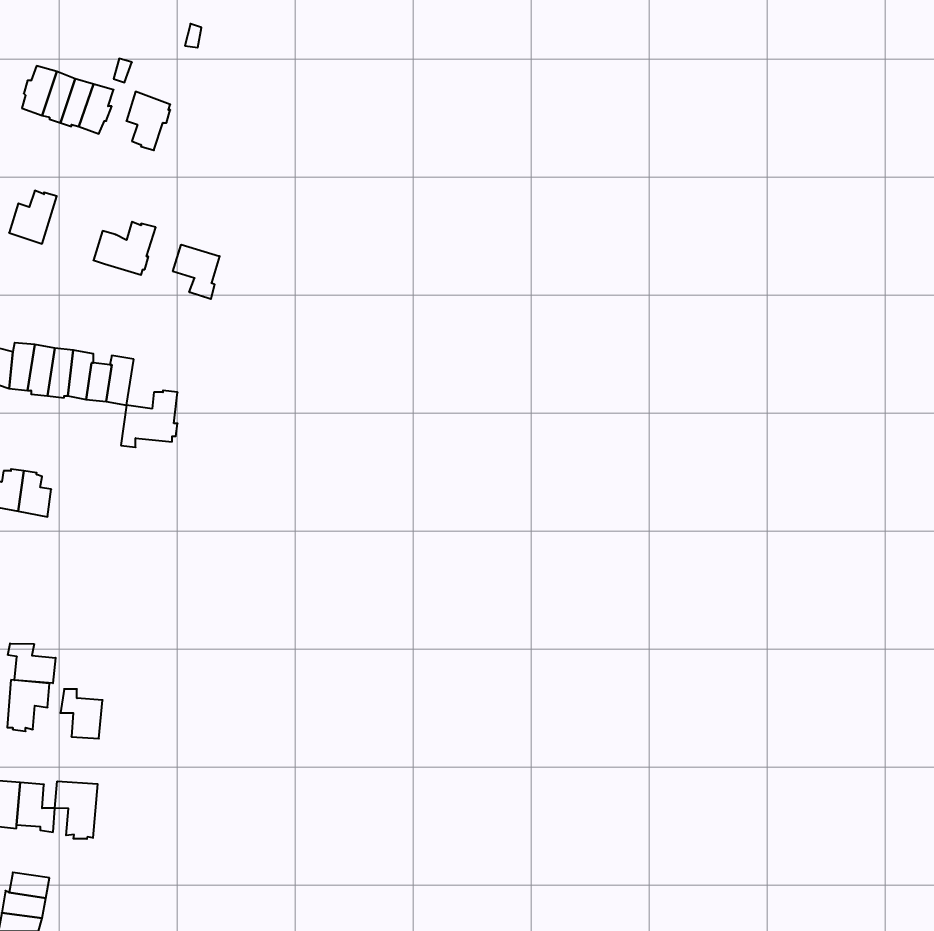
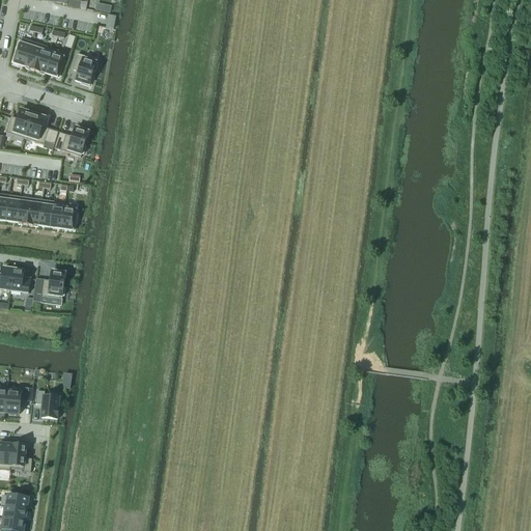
building: none -> [24,111,58,144]
building: [173,245,220,299] -> none
building: [121,390,178,447] -> [32,269,64,301]
building: [8,643,56,683] -> none
building: [55,781,98,839] -> none

